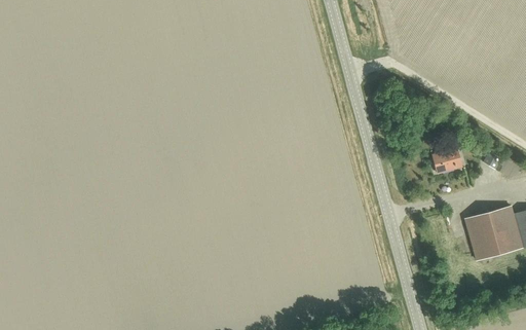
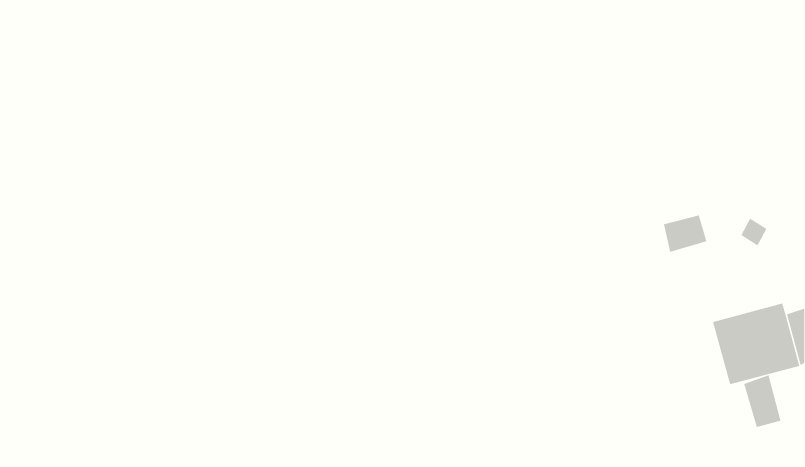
building: none -> [744,374,781,428]

